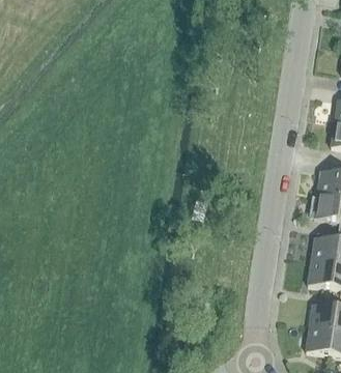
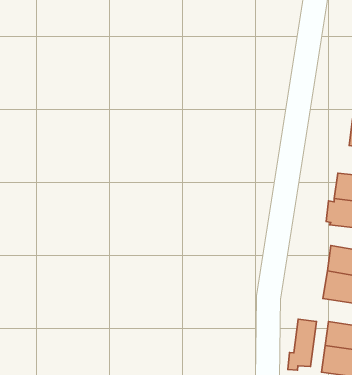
building: none -> [288,319,317,370]

